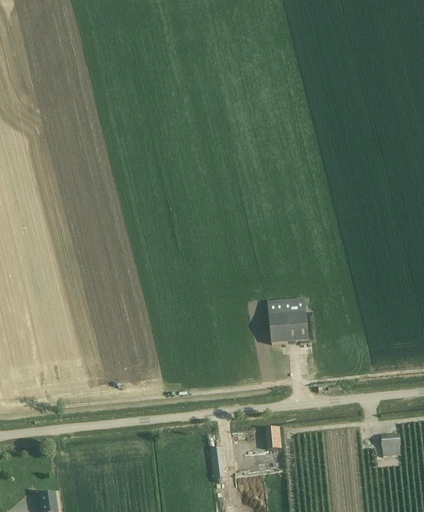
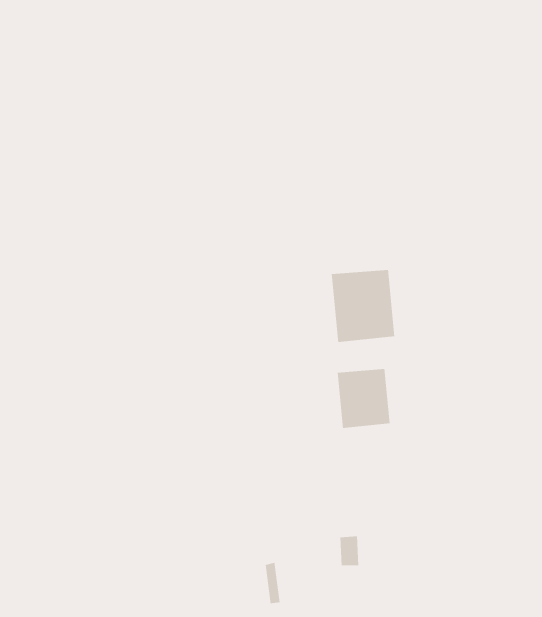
building: none -> [331,269,395,343]
building: [380,434,399,457] -> none

